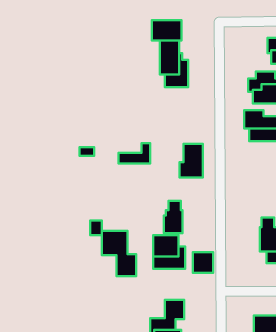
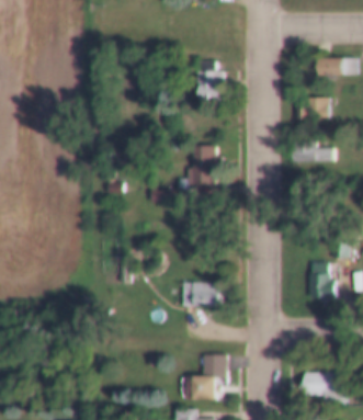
building: [152,20,182,41] -> none
building: [180,144,203,178] -> [189,145,215,183]
building: [164,201,183,233] -> none
building: [102,231,136,276] -> none
building: [193,252,213,273] -> none

